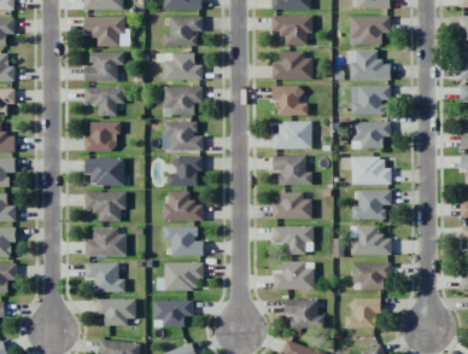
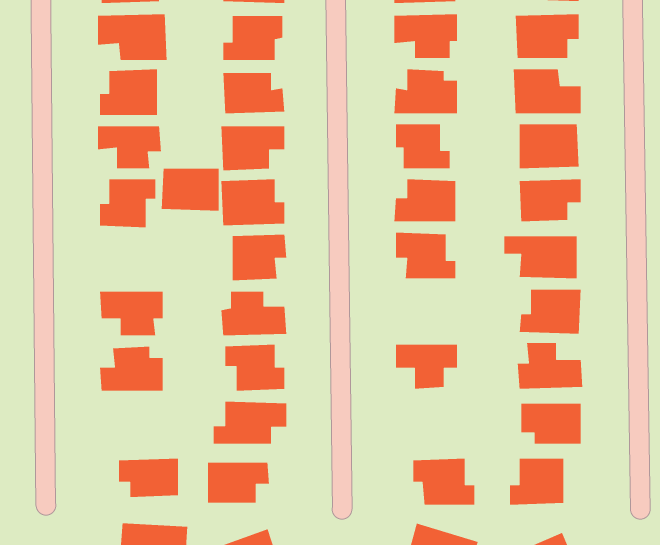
building: [87,158,124,186] -> [161,168,220,212]
building: [273,195,311,219] -> none
building: [84,262,124,292] -> none
building: [273,263,314,290] -> none

